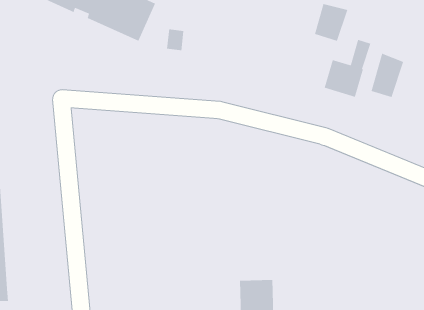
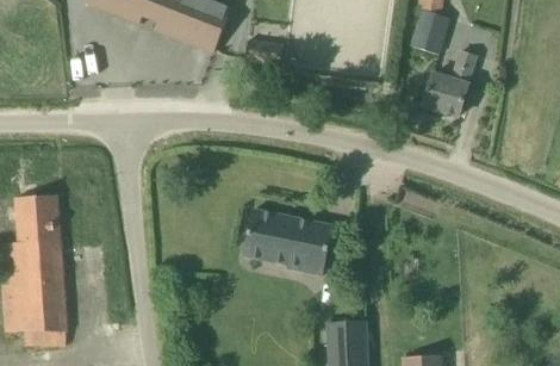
building: [371,53,404,98] -> none
building: none -> [243,210,332,273]

